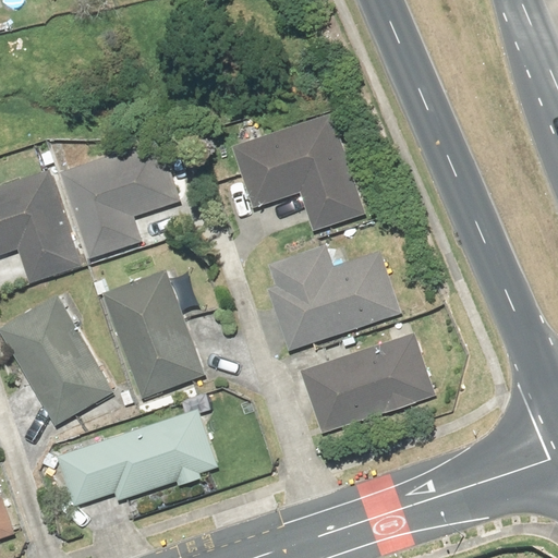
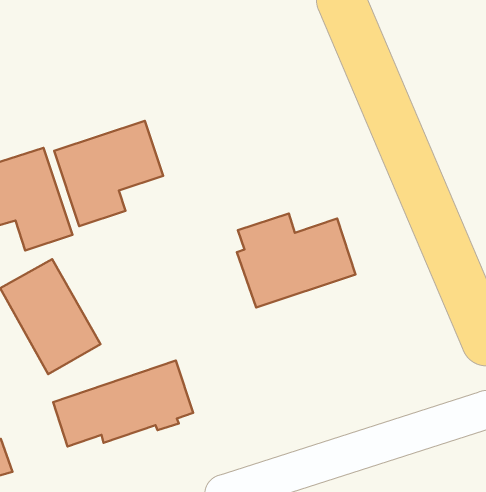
building: [229,111,364,230] -> none
building: [102,268,208,401] -> none
building: [300,332,435,434] -> none

